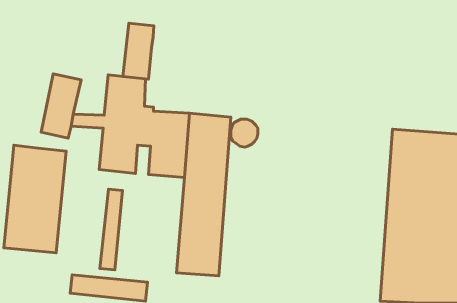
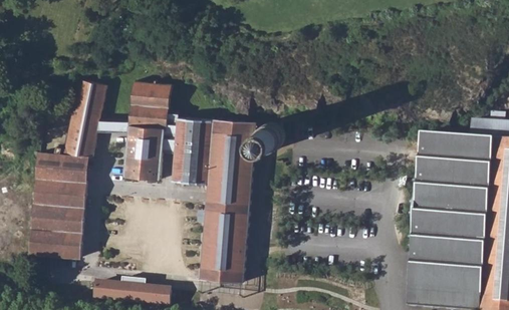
building: [123,23,154,79] -> none
building: none -> [62,137,92,157]
building: [100,189,123,270] -> none

